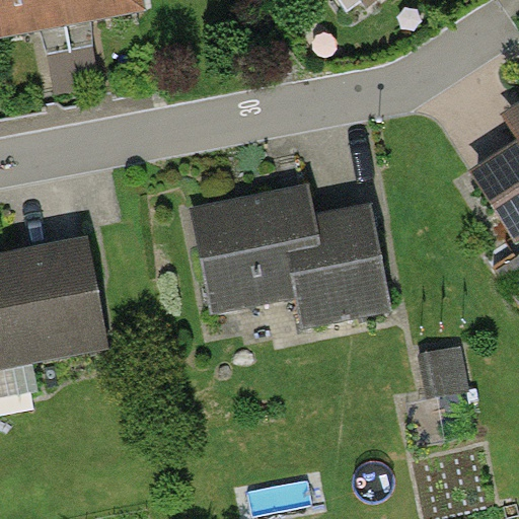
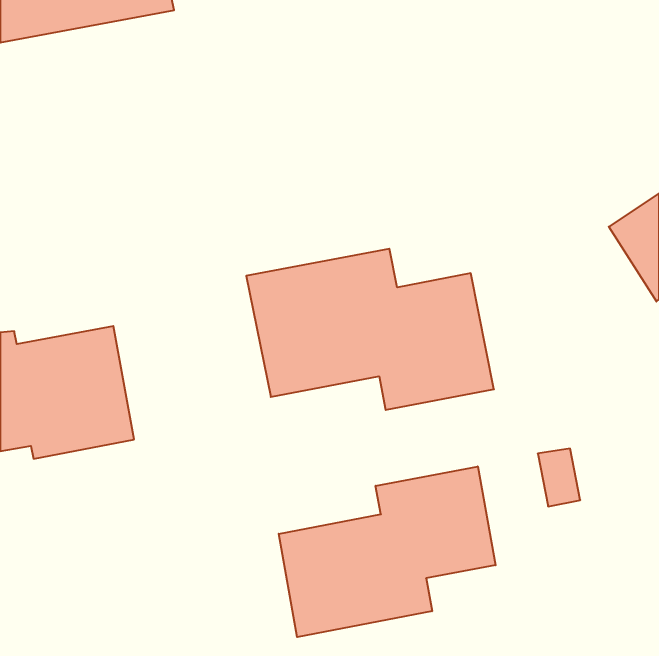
building: none -> [279,466,496,637]

